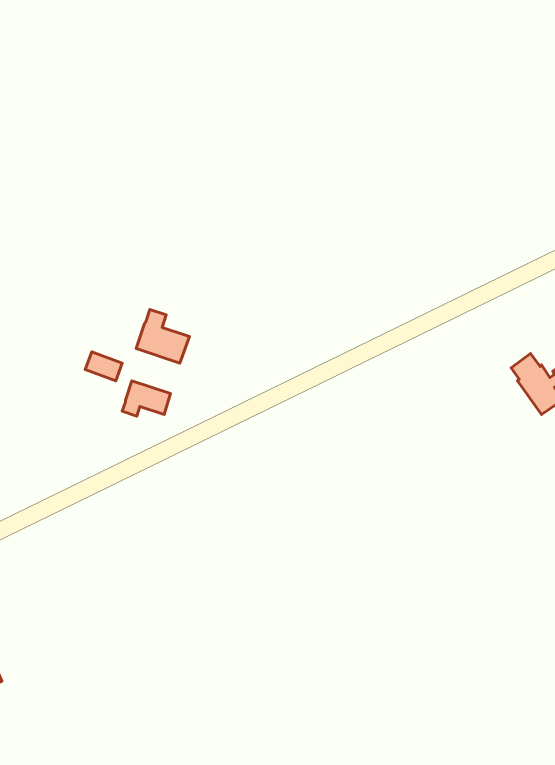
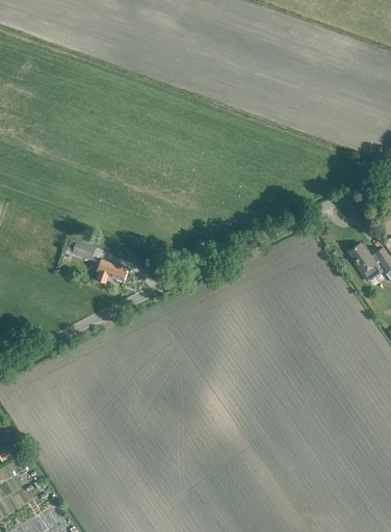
building: [136,309,189,363] -> none

